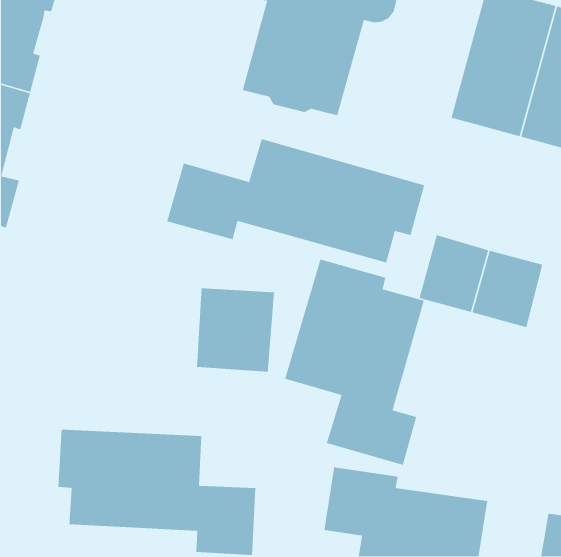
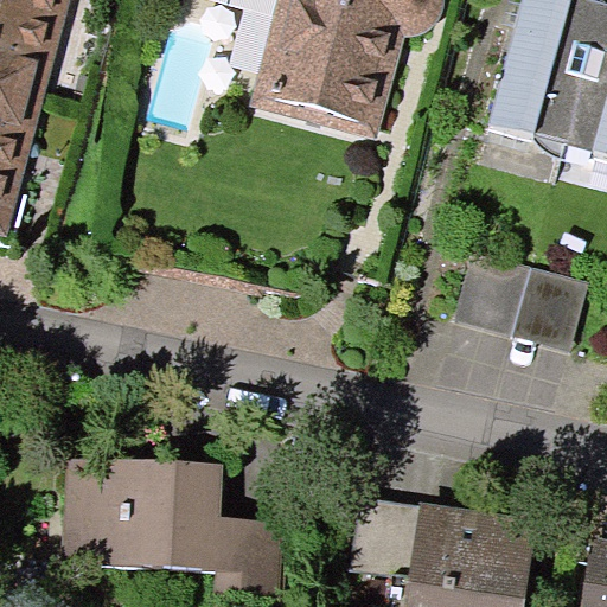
building: [166,138,425,264] -> none
building: [284,259,425,466] -> none
building: [196,288,275,373] -> none

